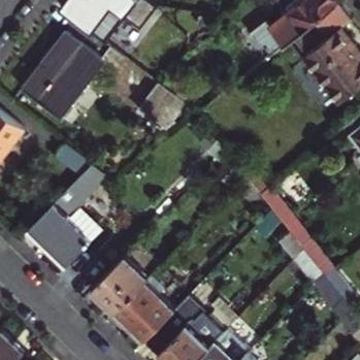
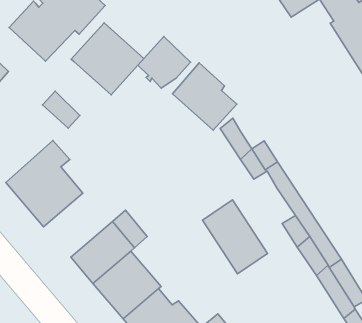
building: none -> [71,23,144,95]
building: none -> [172,63,237,130]
building: none -> [202,200,268,274]

